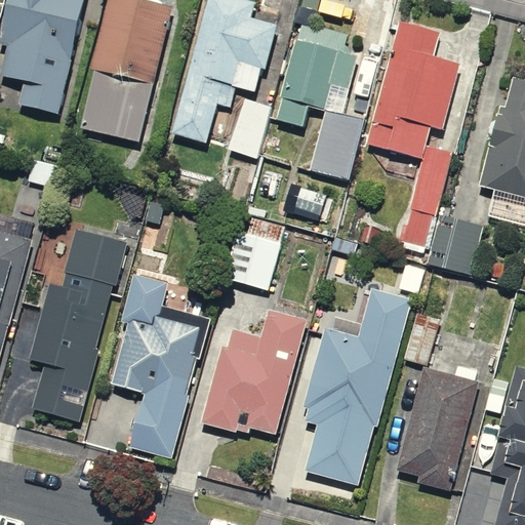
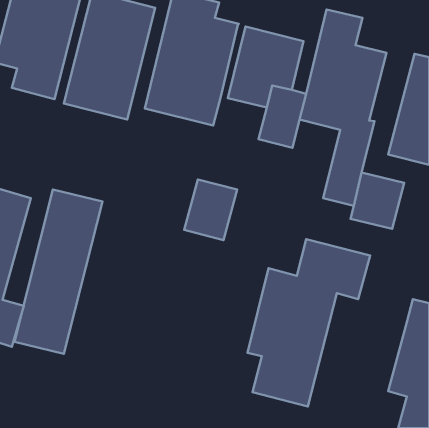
building: [98,272,204,454] -> none
building: [197,305,312,444] -> none
building: [382,365,489,496] -> none

